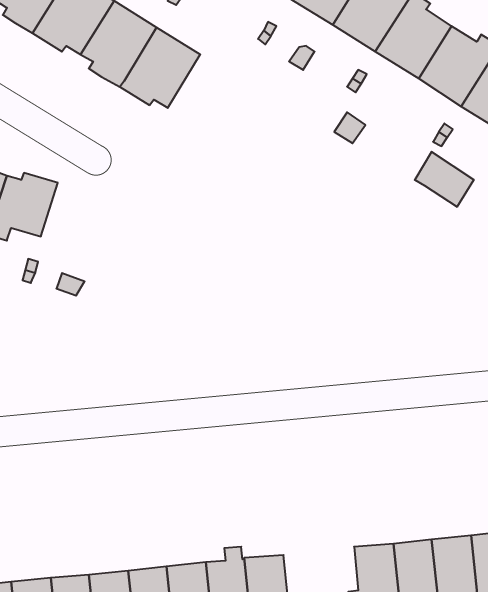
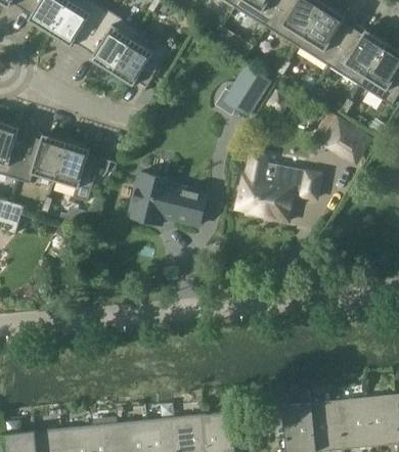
building: none -> [232,65,271,114]
building: none -> [54,141,109,200]
building: none -> [236,150,320,221]
building: none -> [128,172,207,225]

